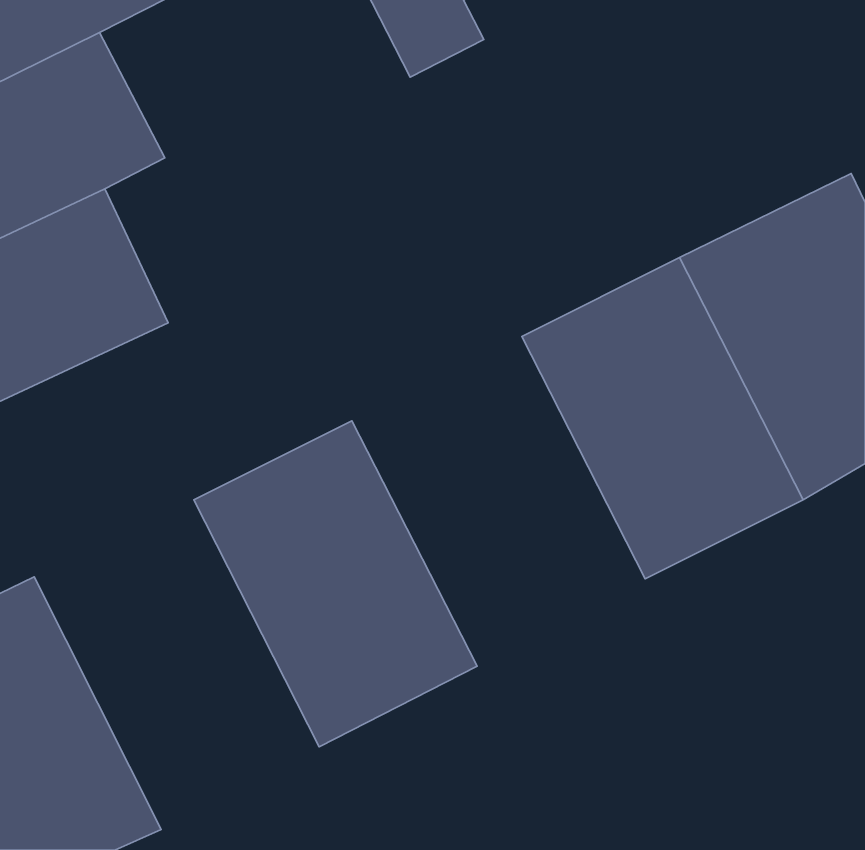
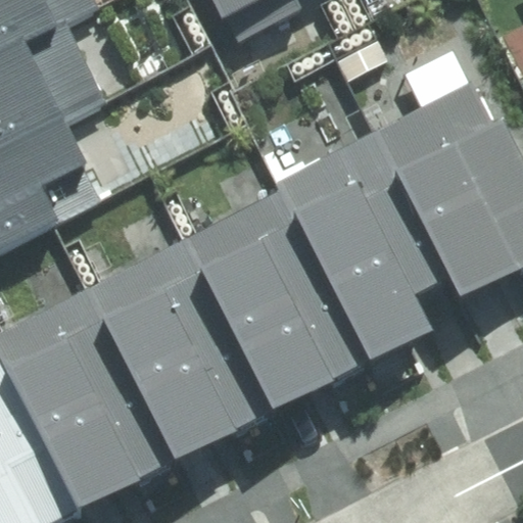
building: none -> [209,200,384,396]
building: none -> [20,297,190,493]

